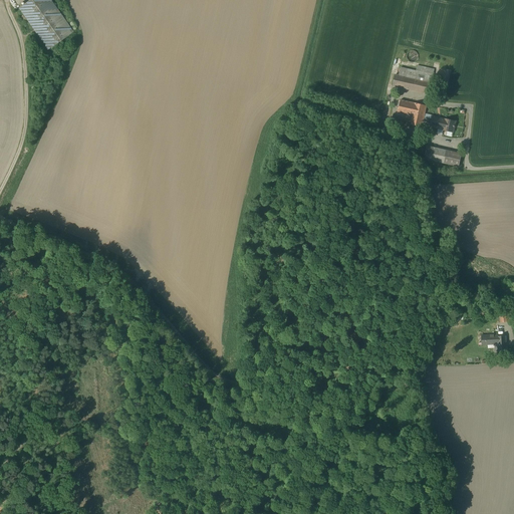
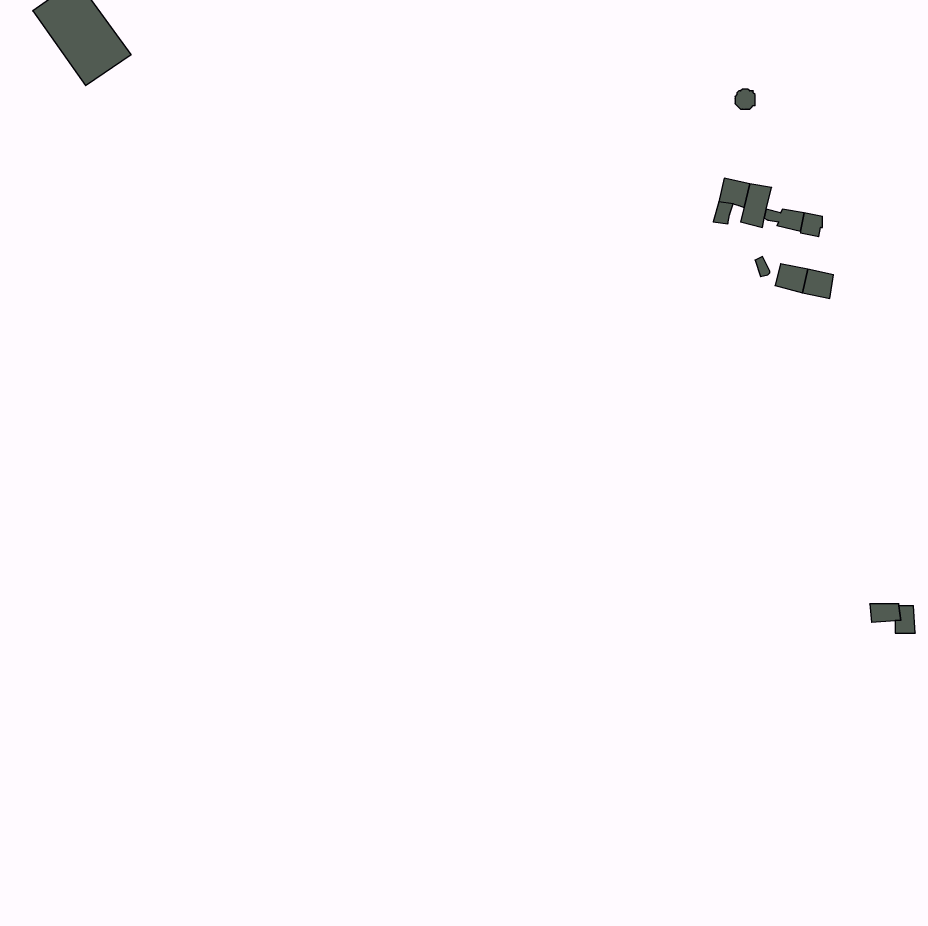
building: [402,69,432,92] -> none

